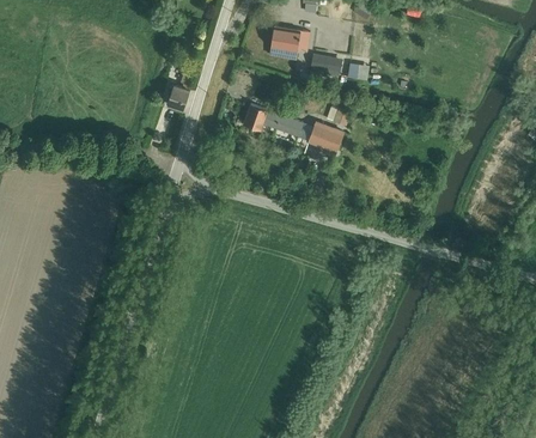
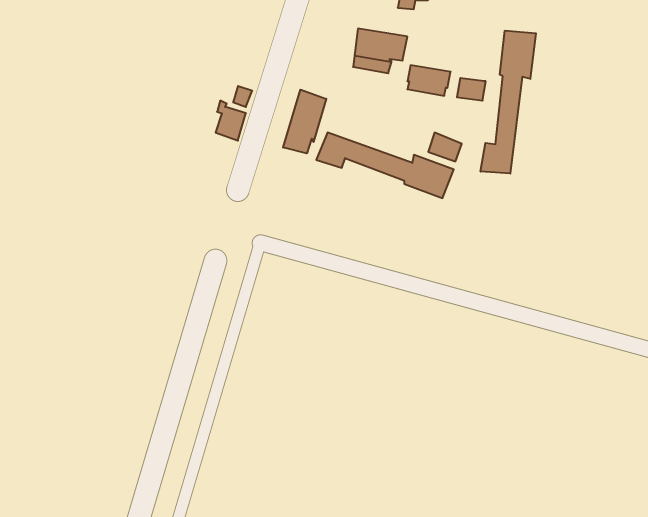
building: none -> [481,31,536,174]
building: none -> [283,90,326,153]

